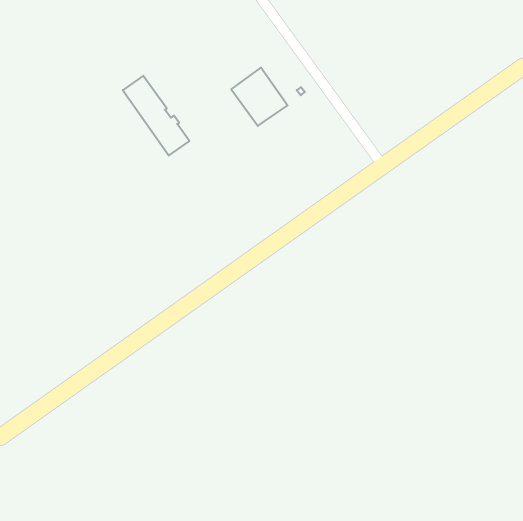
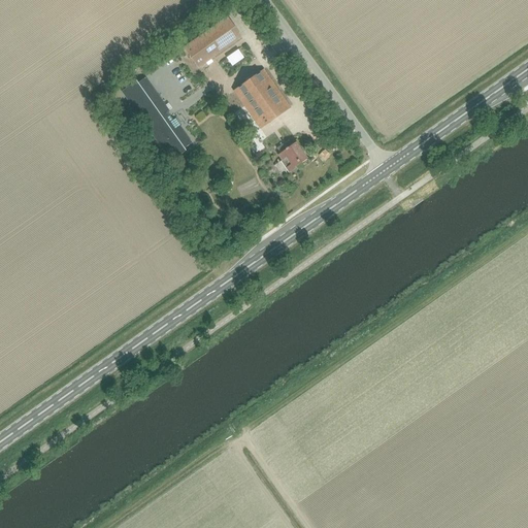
building: none -> [184,15,241,66]
building: none -> [276,138,306,170]

